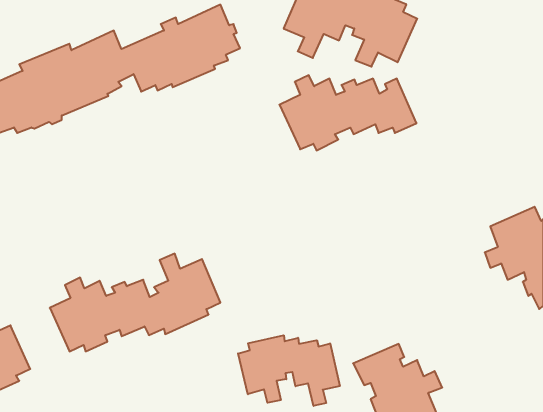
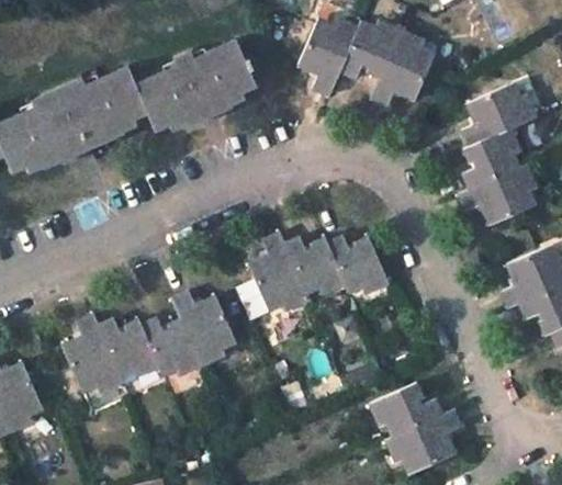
building: none -> [460,83,535,224]
building: [279,75,417,150] -> [248,234,386,309]
building: [238,335,340,406] -> none

